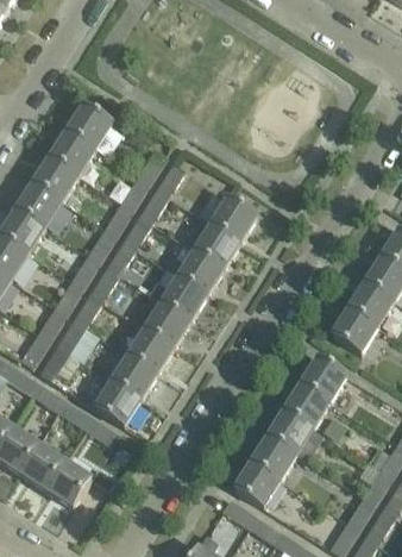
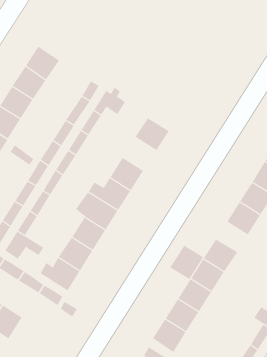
building: [182,214,240,267] -> none
building: none -> [170,245,204,280]
building: [46,459,90,505] -> none

